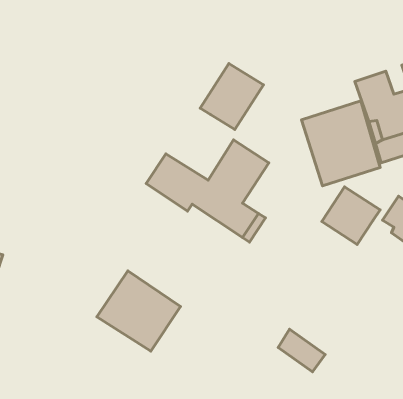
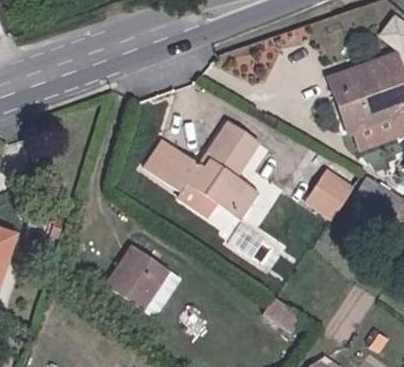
building: [200,64,263,129] -> none
building: [301,101,380,186] -> none

